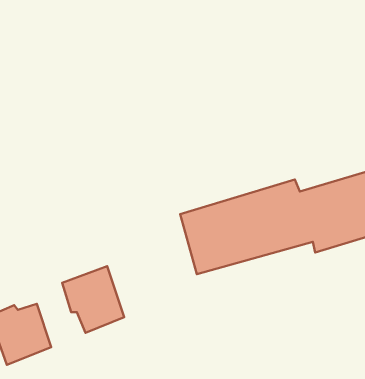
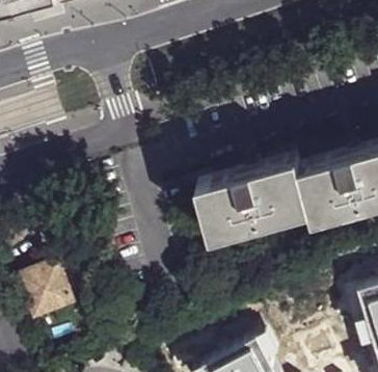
building: [62,266,124,333] -> none

